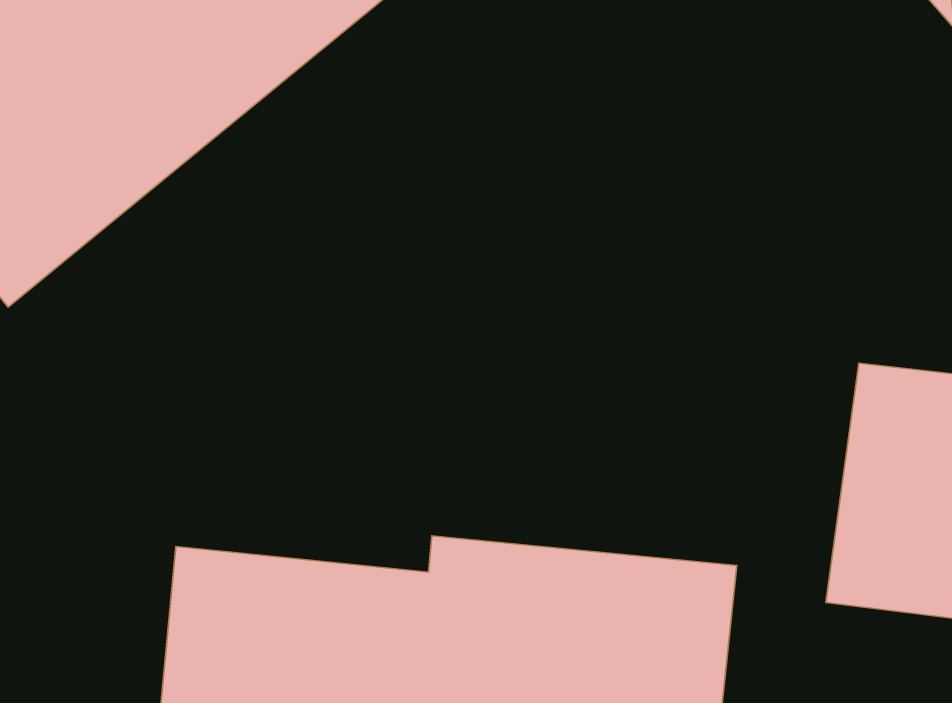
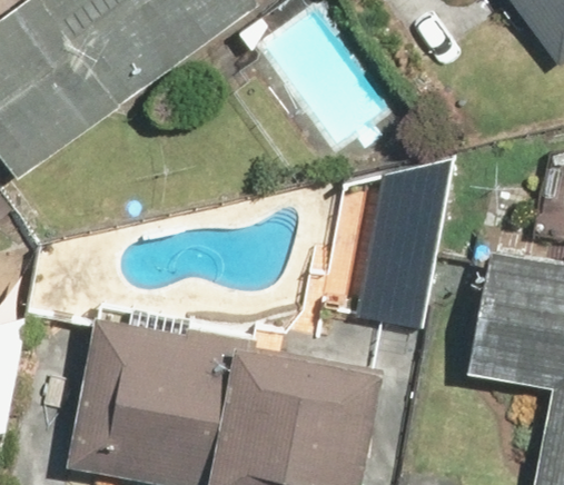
building: none -> [318,151,451,324]

